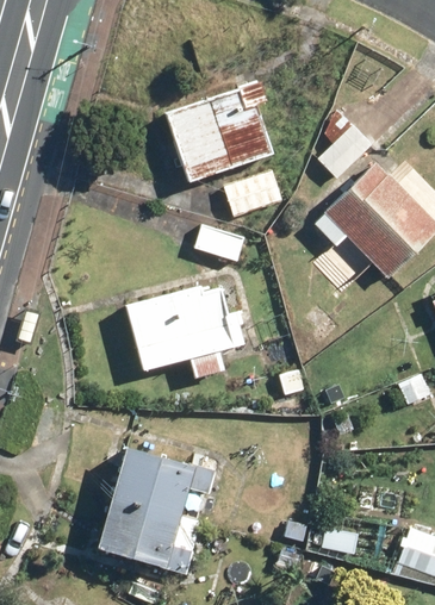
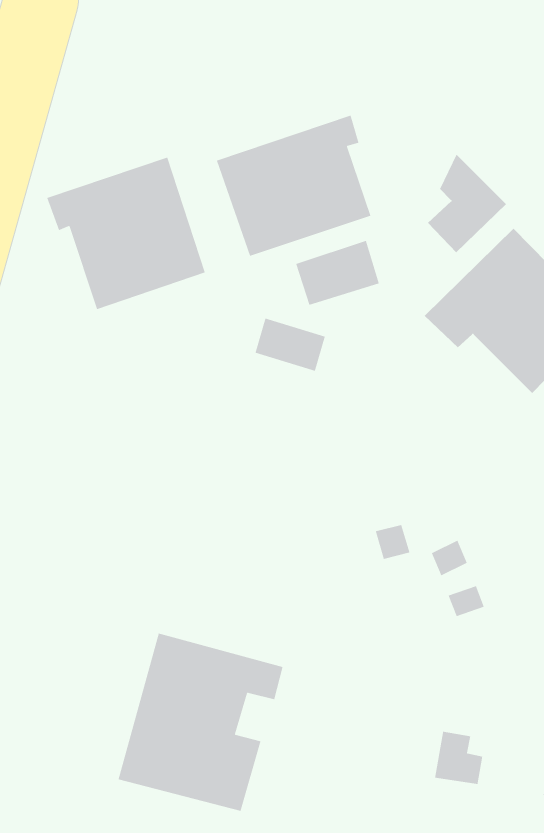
building: none -> [46,156,206,310]
building: [125,288,242,378] -> none

